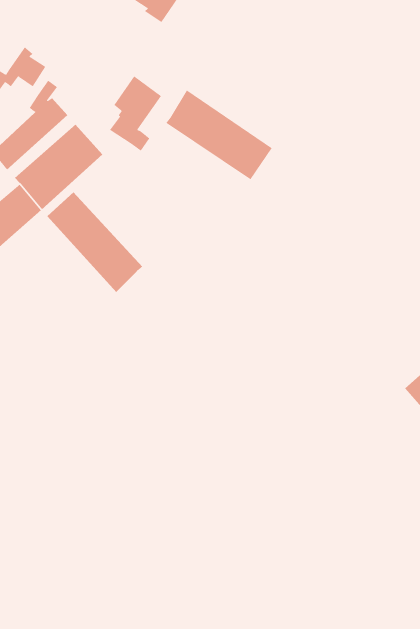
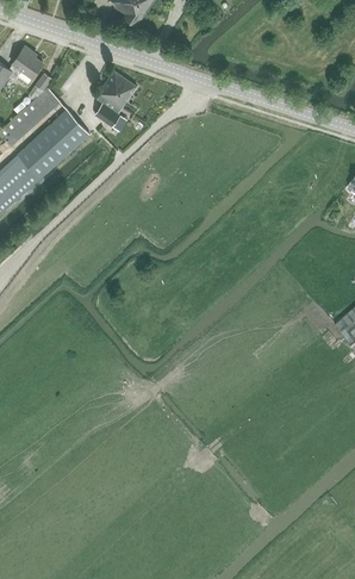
building: [165,89,272,180] -> none
building: [47,192,143,293] -> none

